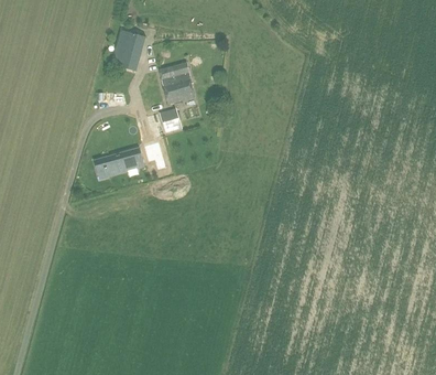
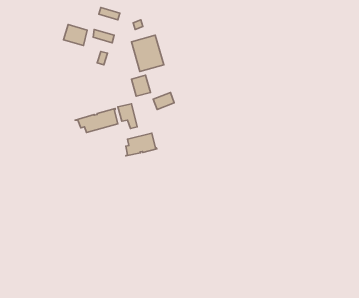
building: [115,38,142,62] -> [63,25,87,46]
building: none -> [126,133,157,156]

